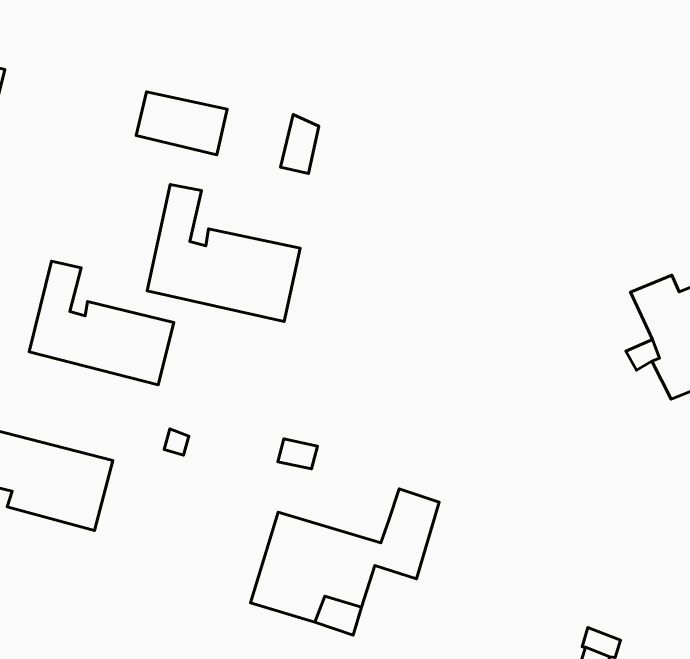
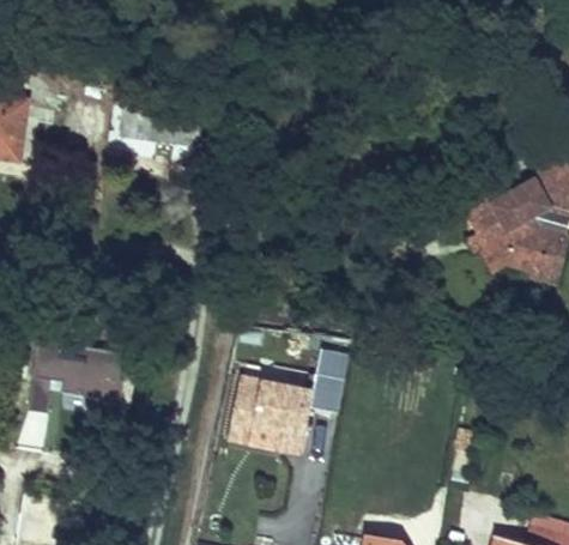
building: [147,184,300,321] -> none
building: [29,261,174,385] -> none

